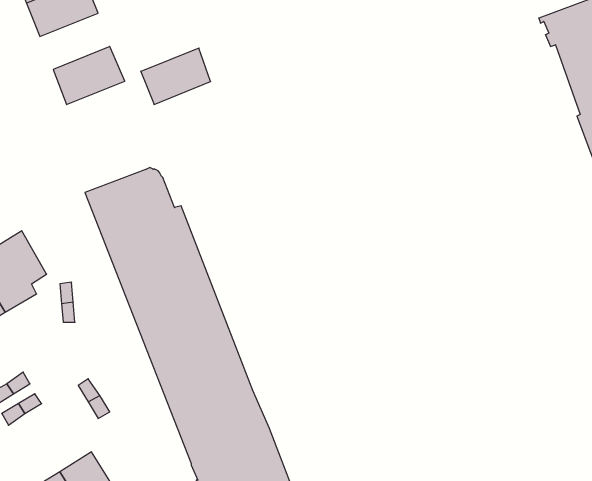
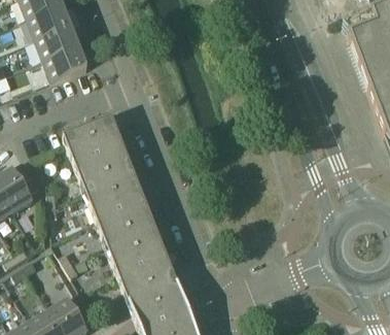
building: [141,48,211,105] -> [35,21,78,56]

